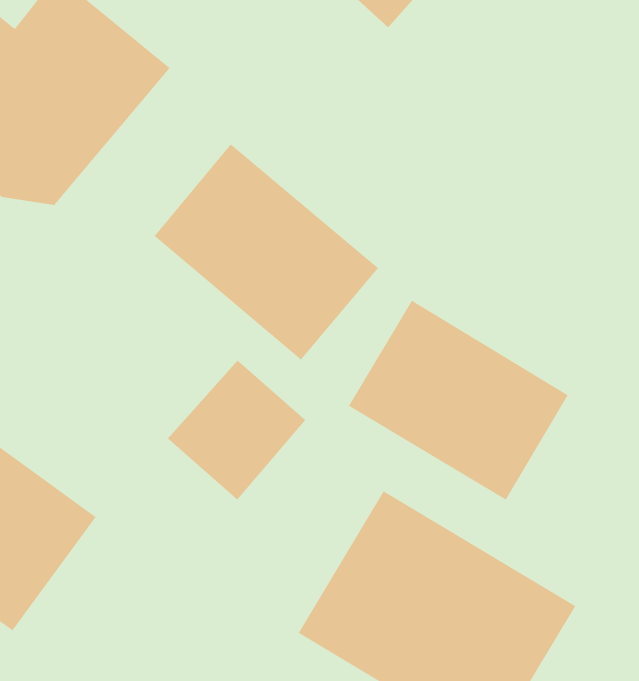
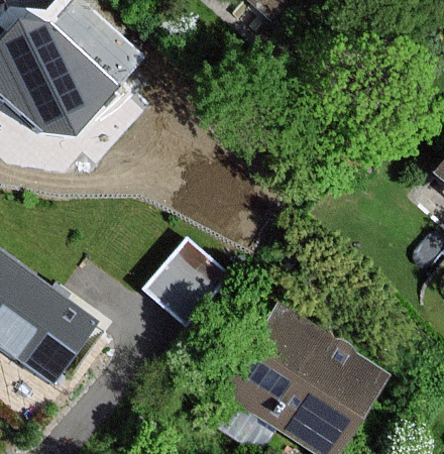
building: [154,143,379,361] -> none
building: [348,300,568,500] -> none

